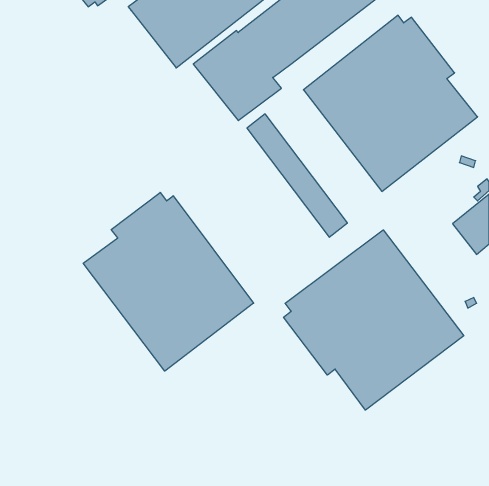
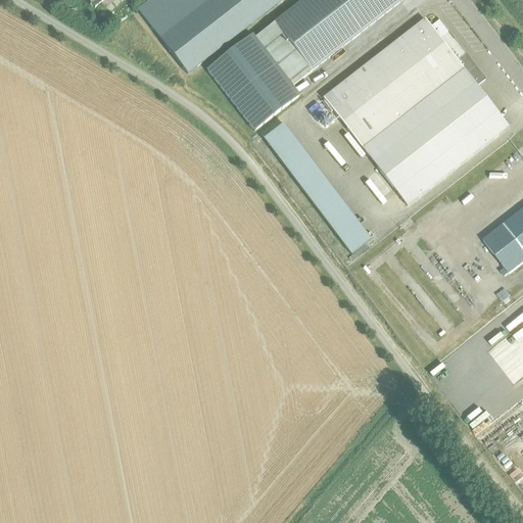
building: [83,192,254,371] -> none
building: [284,230,464,410] -> none

